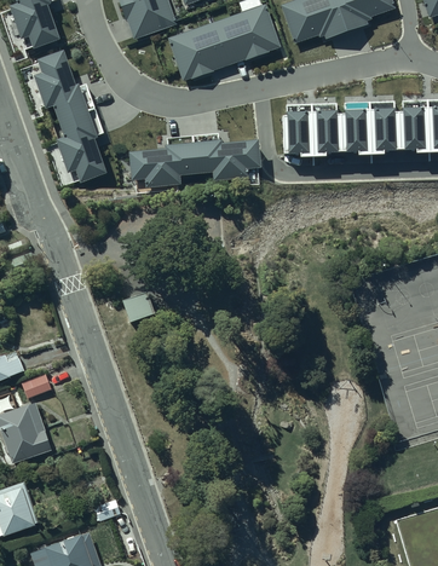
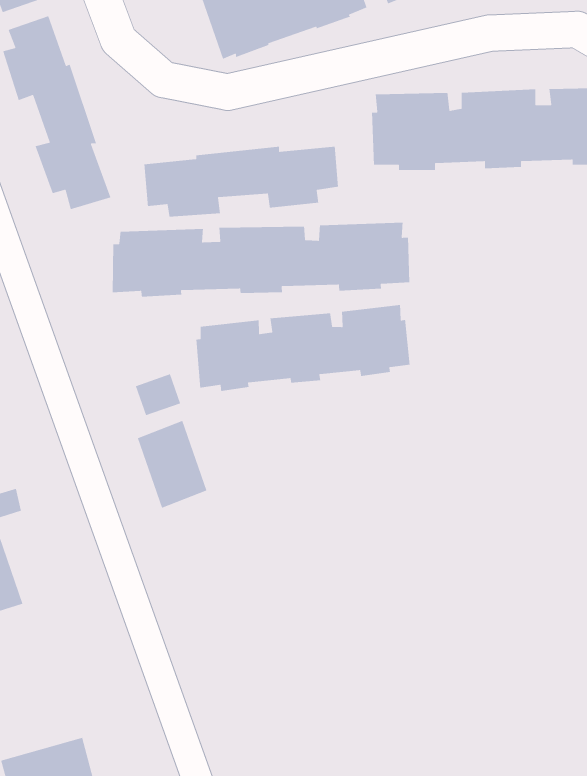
building: none -> [112,222,410,298]
building: none -> [196,304,410,392]
building: none -> [137,420,208,509]

